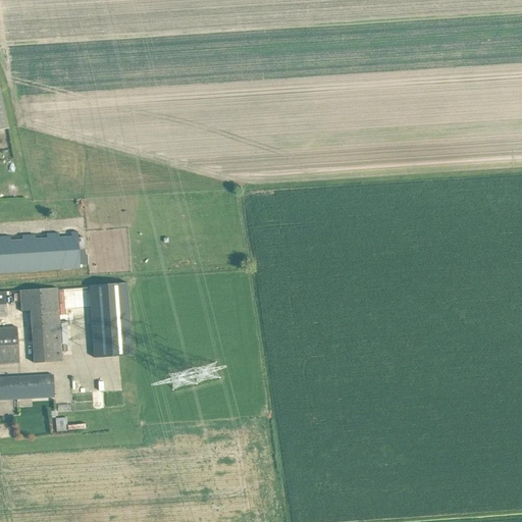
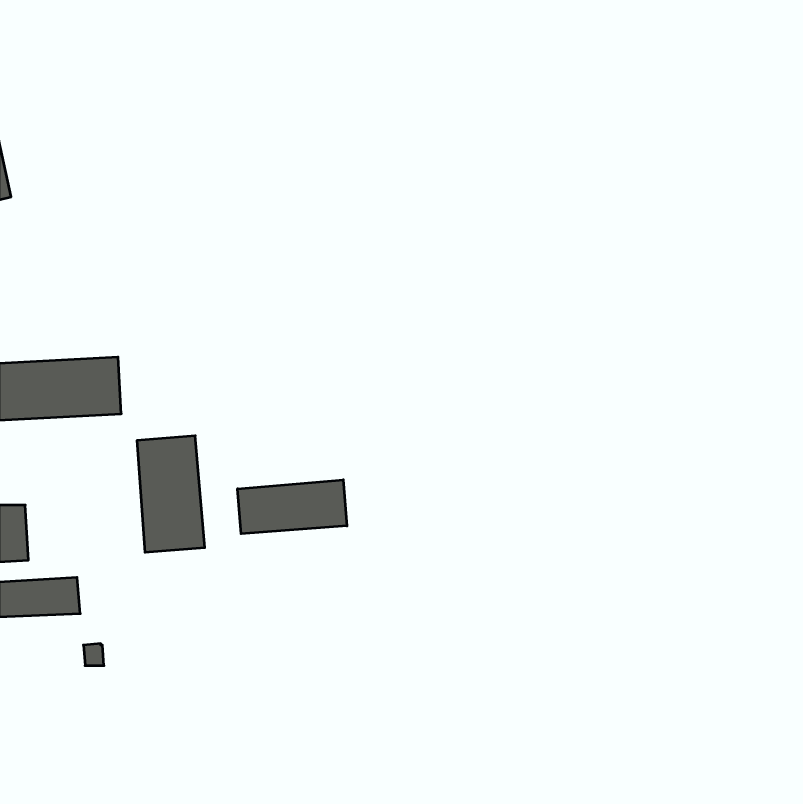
building: [18,288,62,363] -> none
building: none -> [238,480,347,534]

